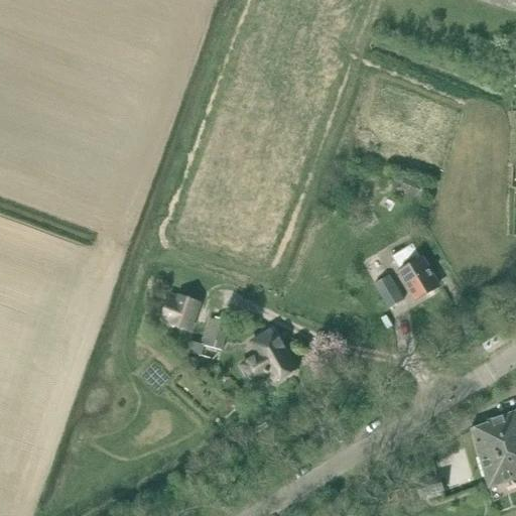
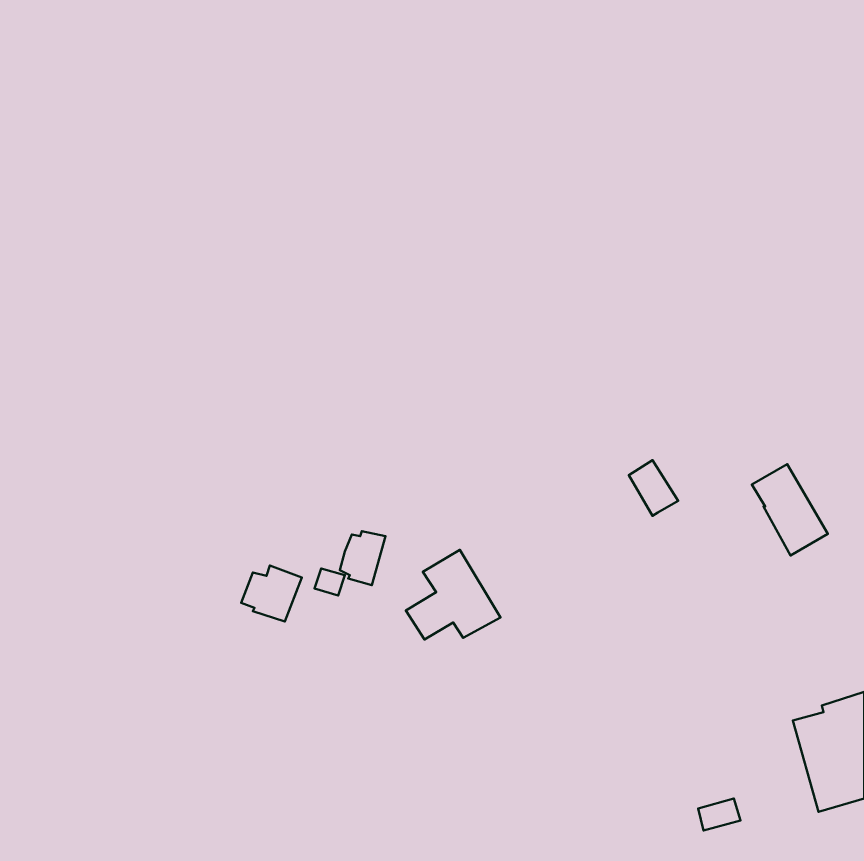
building: [393,243,438,297] -> [752,464,828,556]
building: [163,294,200,328] -> [241,566,302,621]

